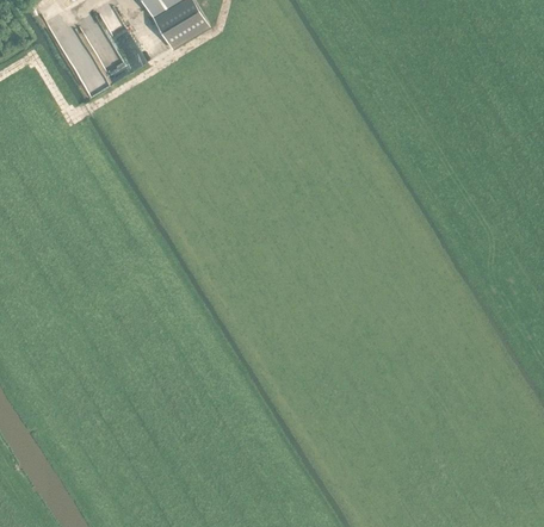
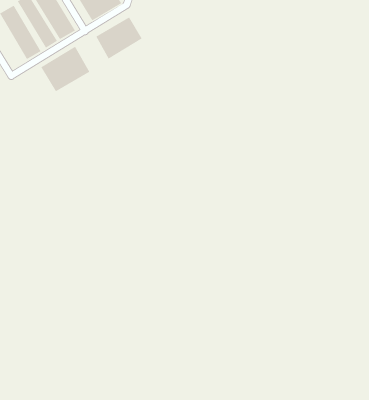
building: none -> [96,16,143,59]
building: none -> [40,46,90,92]

